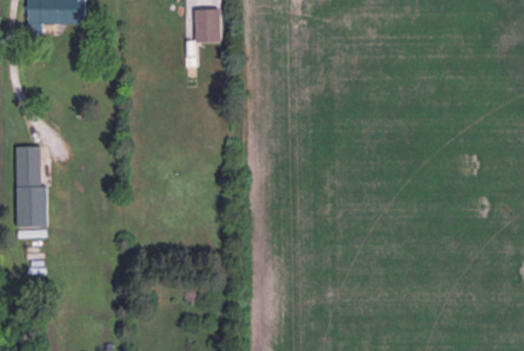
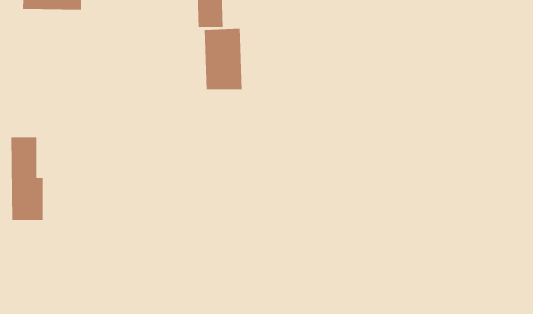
building: none -> [204,28,243,90]

